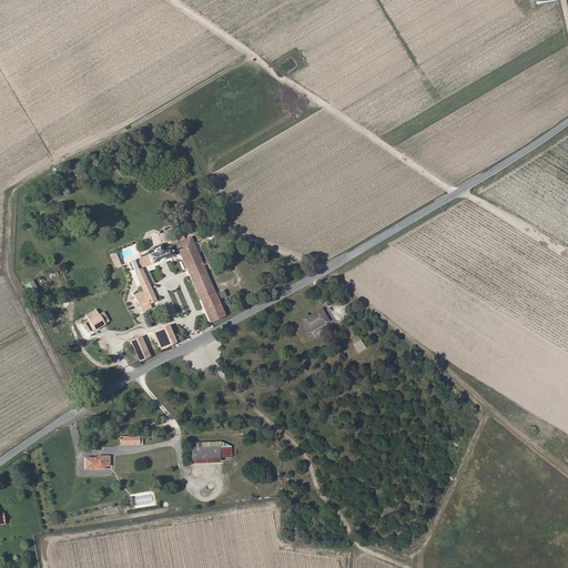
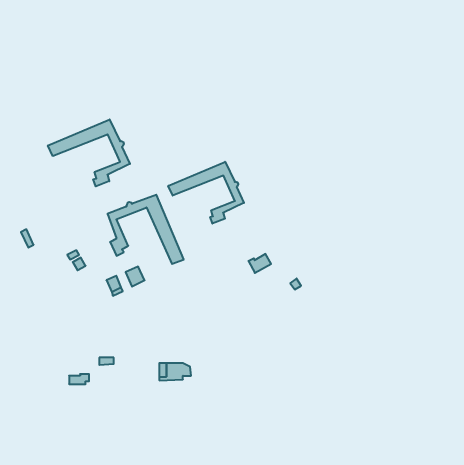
building: none -> [48,119,130,186]
building: none -> [168,162,244,224]

